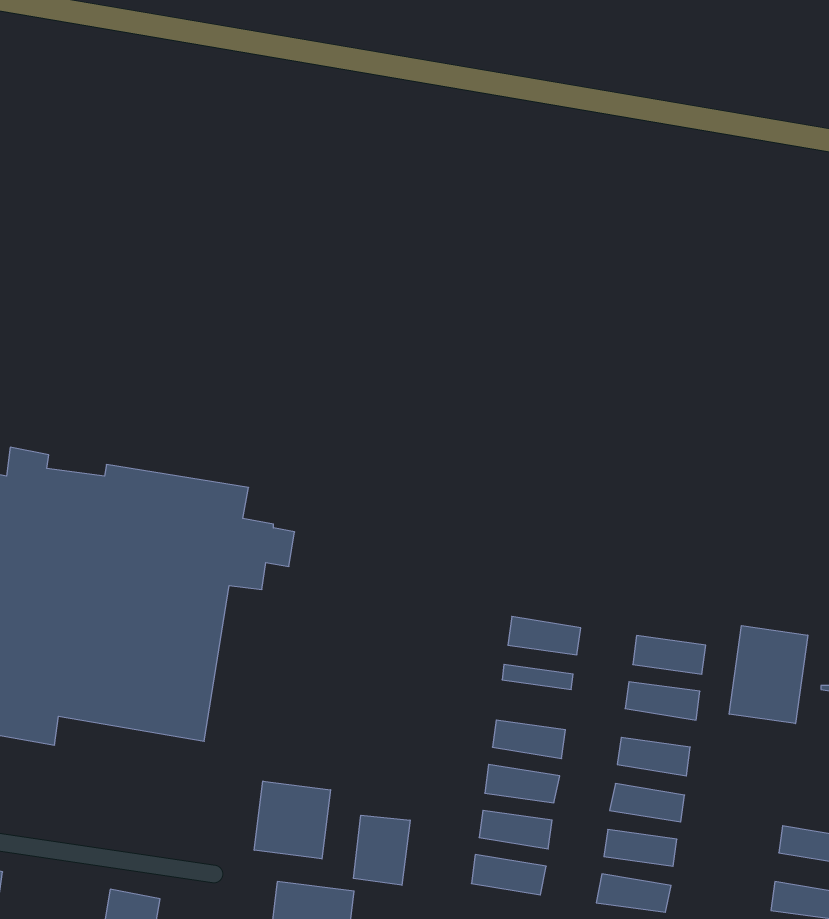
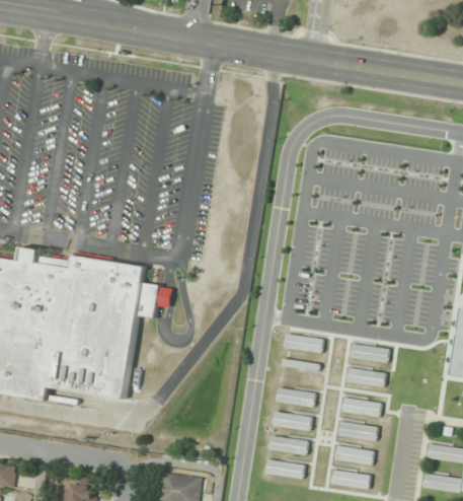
building: [729,626,808,724] -> none
building: [254,781,331,859] -> none
building: [353,815,410,885] -> none

